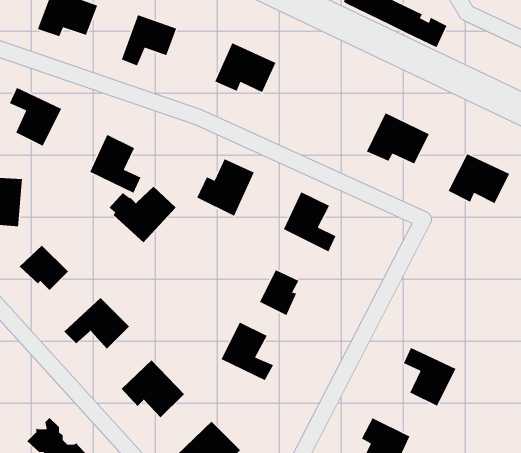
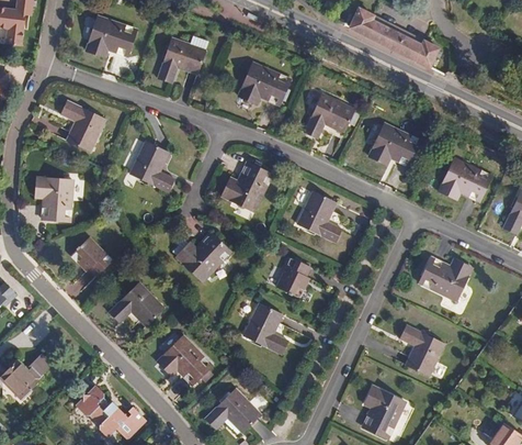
building: none -> [304,93,355,138]
building: [109,186,177,243] -> [172,232,230,281]
building: none -> [418,256,472,300]

